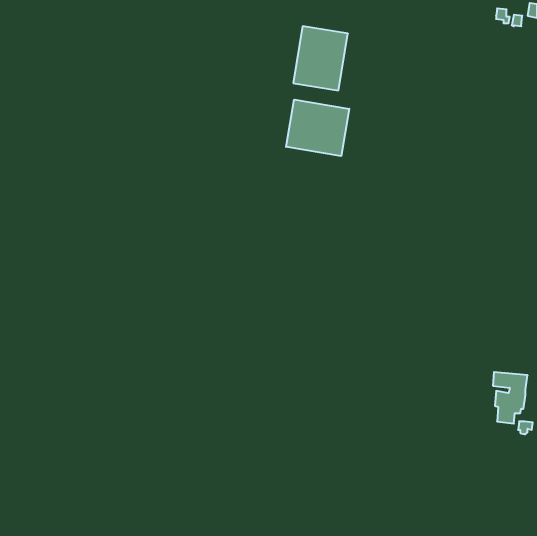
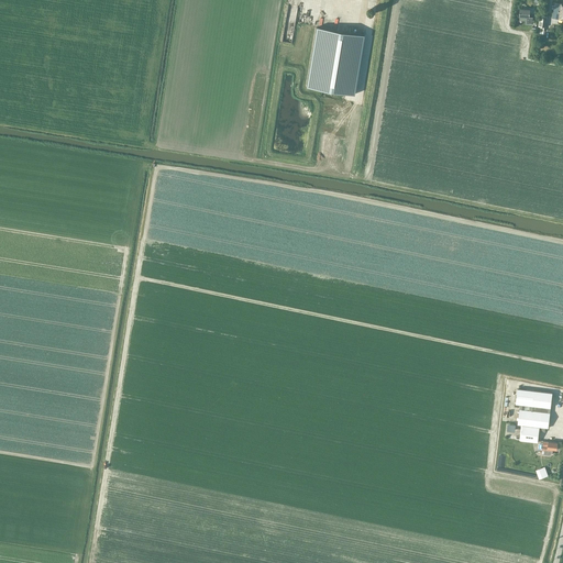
building: [286,100,349,156] -> none

